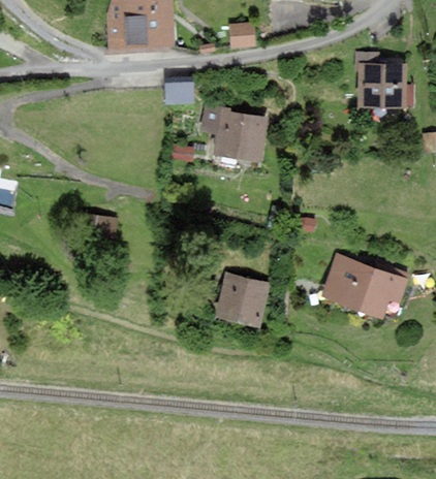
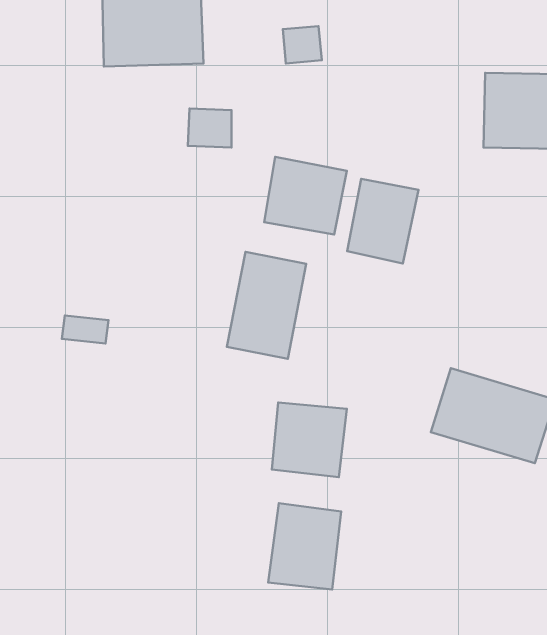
building: none -> [347,179,419,264]
building: none -> [227,252,306,359]
building: none -> [268,503,341,590]

